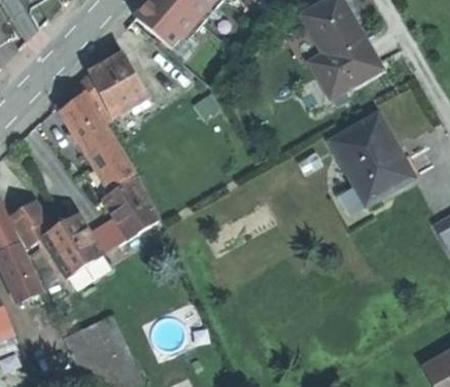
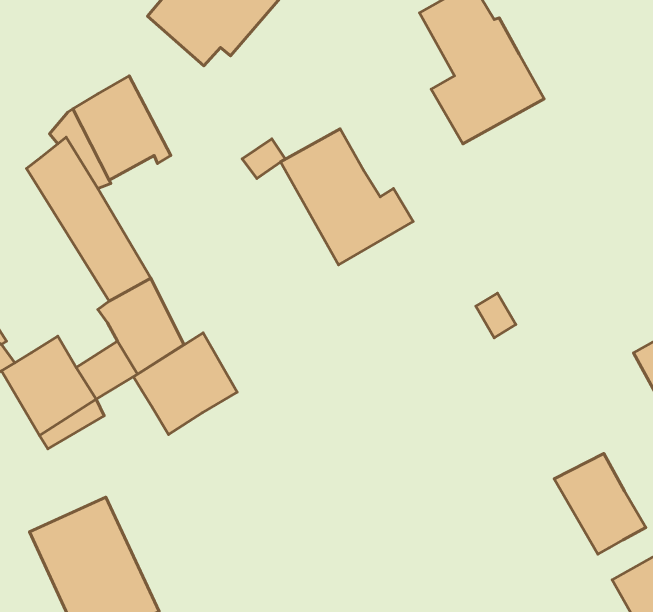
building: [330,118,412,203] -> [281,129,413,265]
building: none -> [134,333,237,435]
building: none -> [554,453,646,554]

